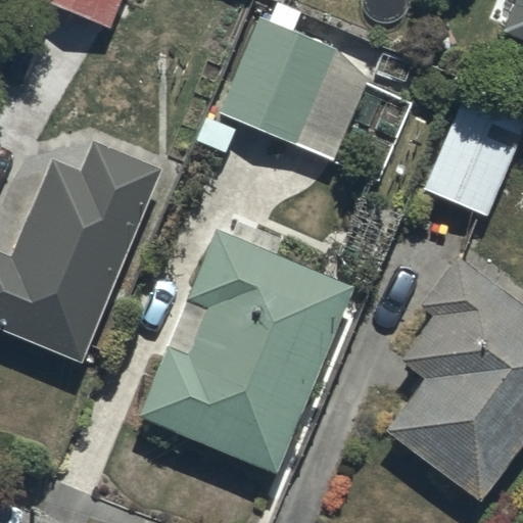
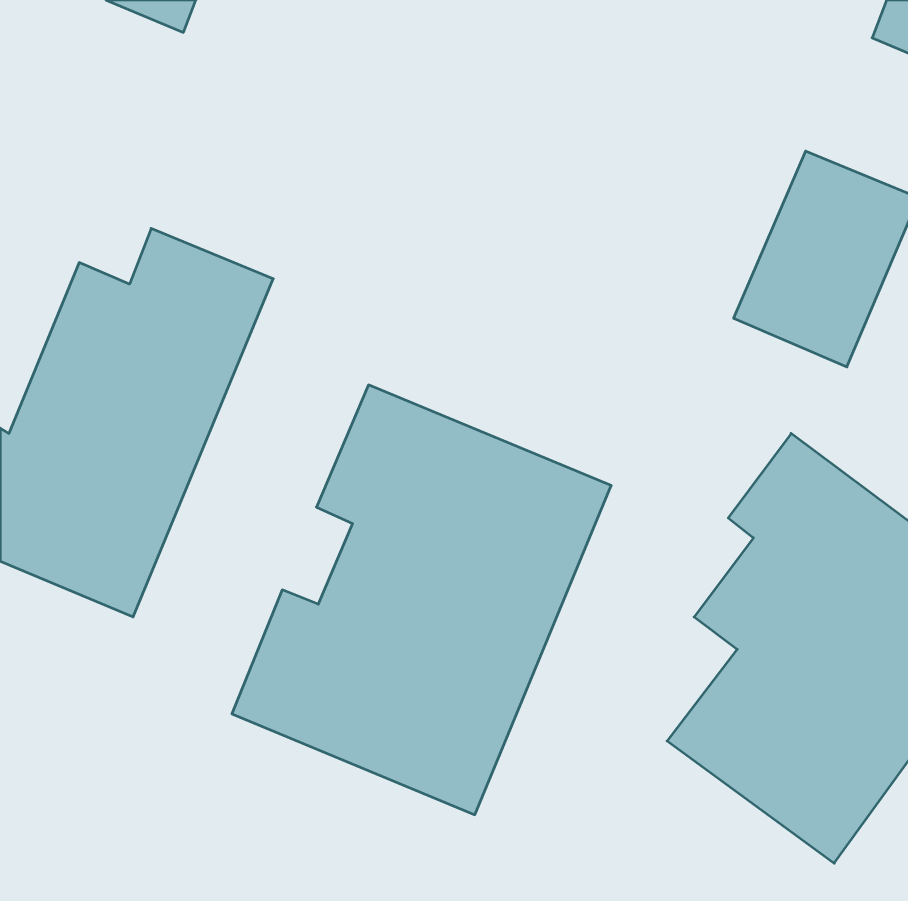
building: [220,17,368,162] -> none

